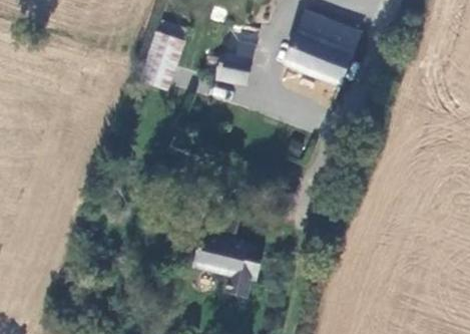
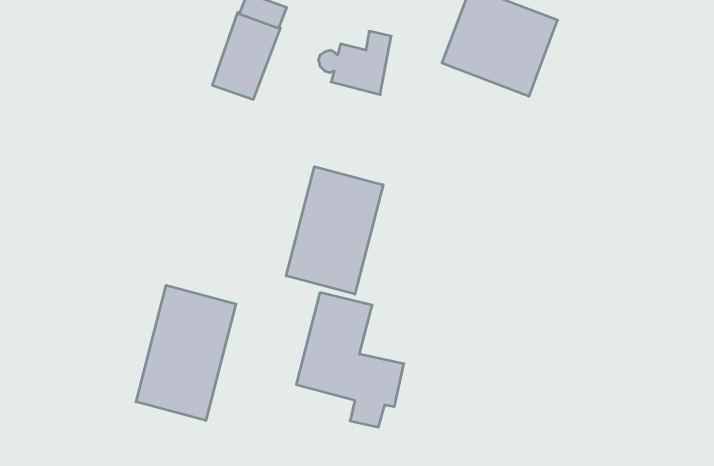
building: none -> [286,167,383,294]
building: none -> [136,285,236,421]

